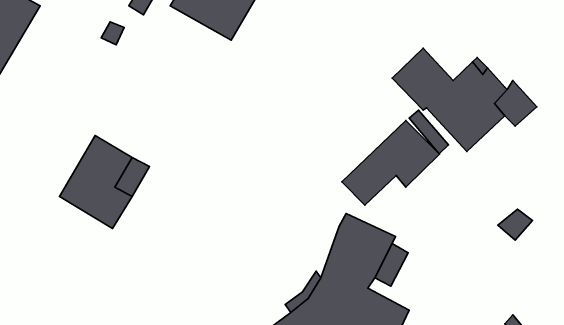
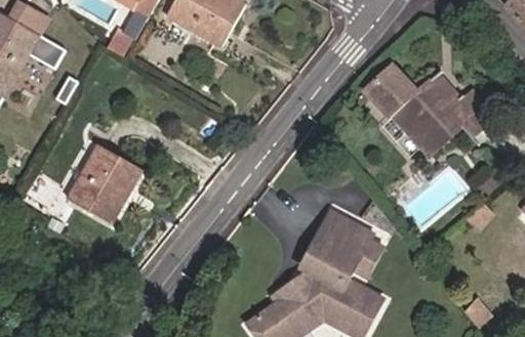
building: [342,121,439,205] -> none

